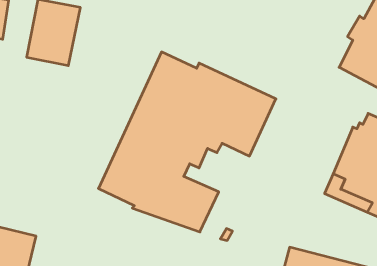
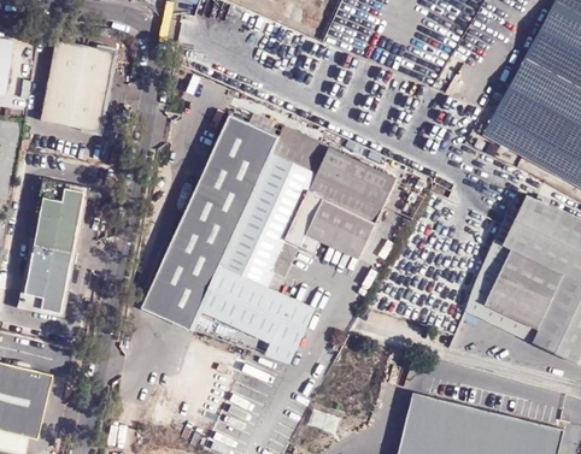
building: none -> [19,177,90,316]

